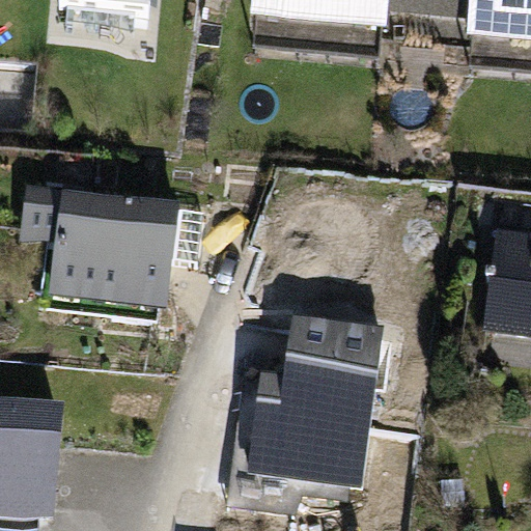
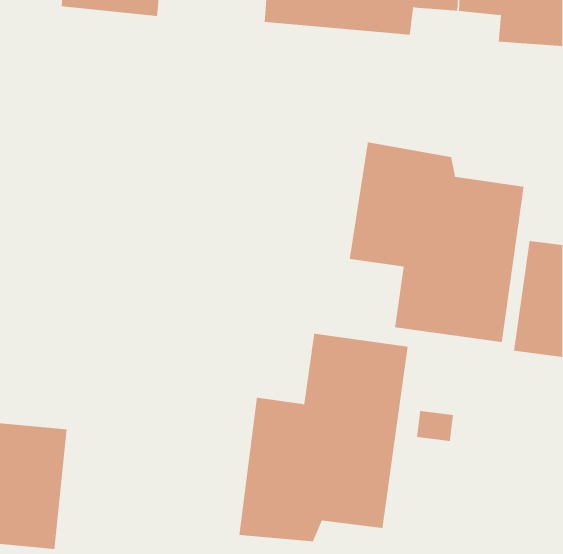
building: none -> [349,141,524,343]
building: [19,183,205,309] -> none

